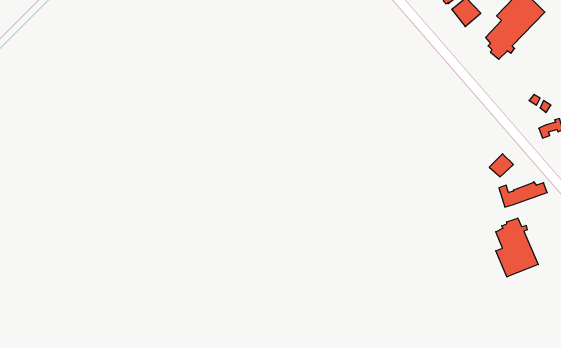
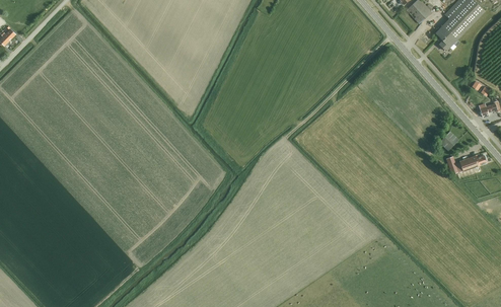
building: [496,218,538,277] -> none

